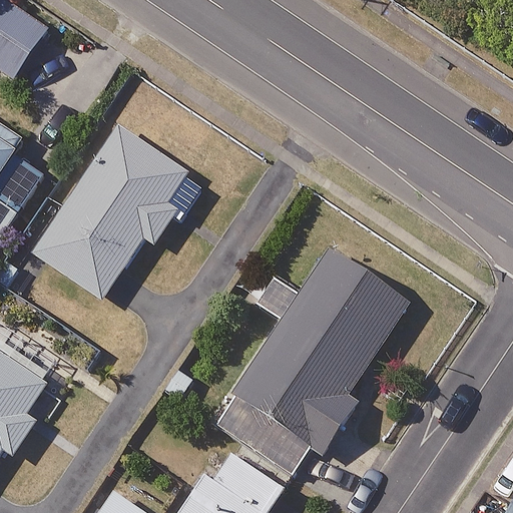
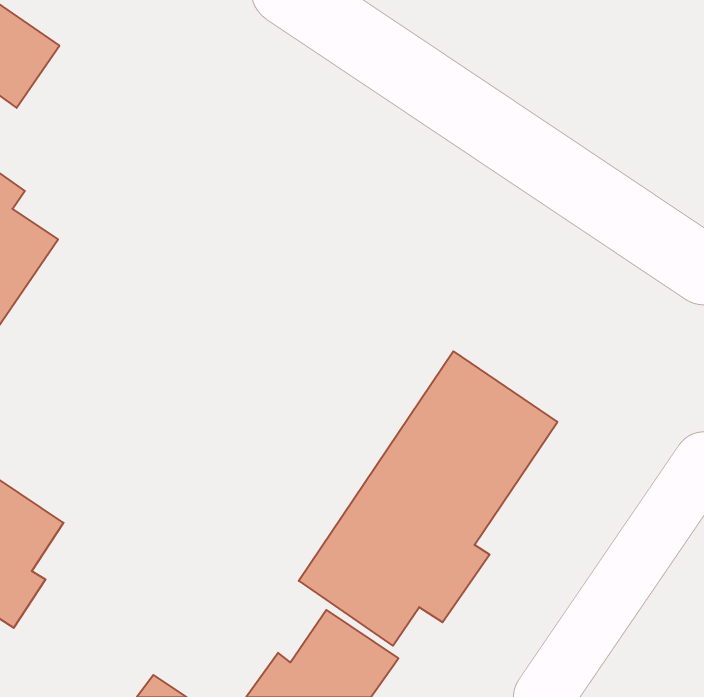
building: [32,126,201,299] -> none

